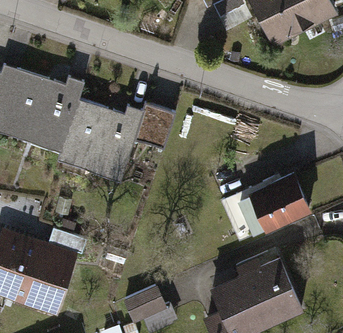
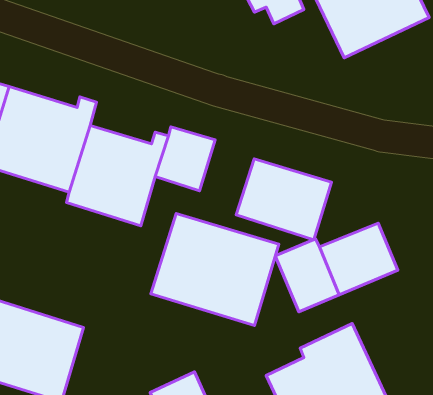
building: none -> [236,159,331,240]
building: none -> [151,213,279,325]

